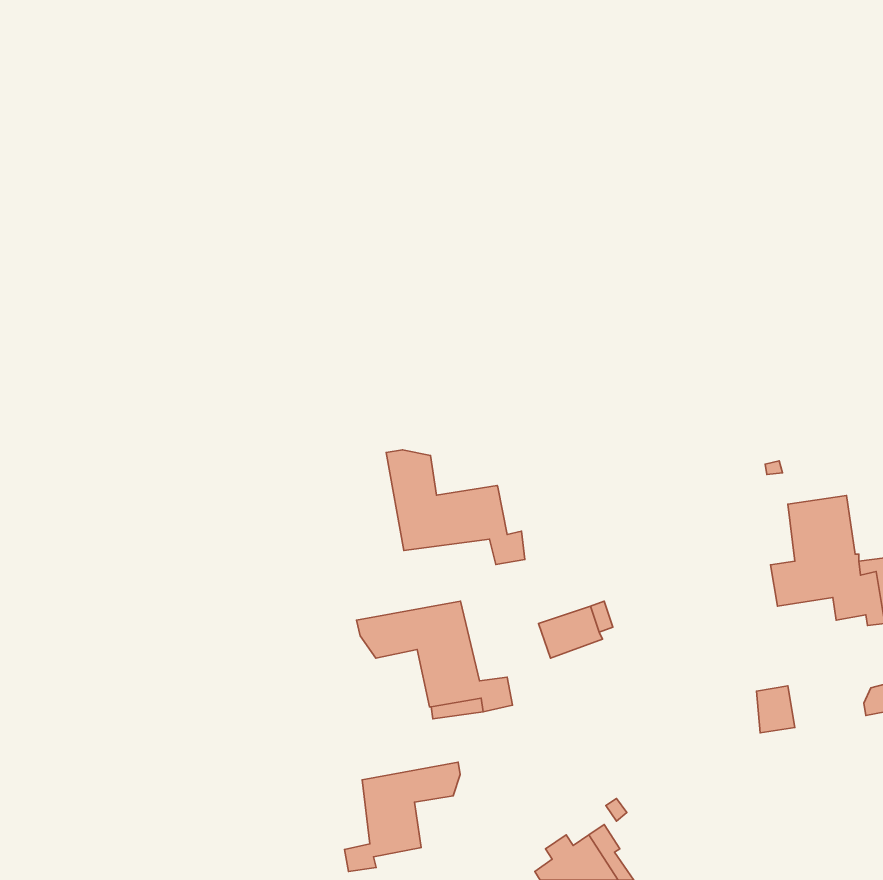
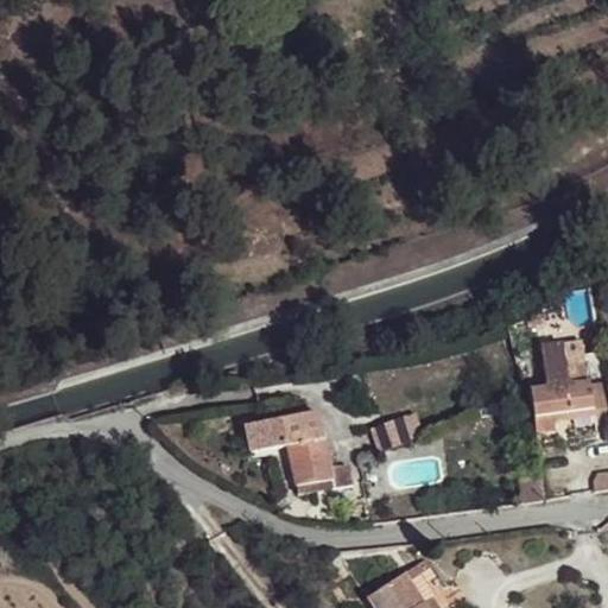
building: [386,450,525,565] -> none
building: [345,762,460,871] -> none

